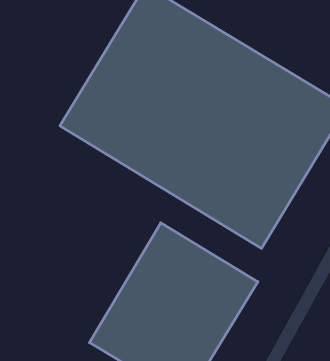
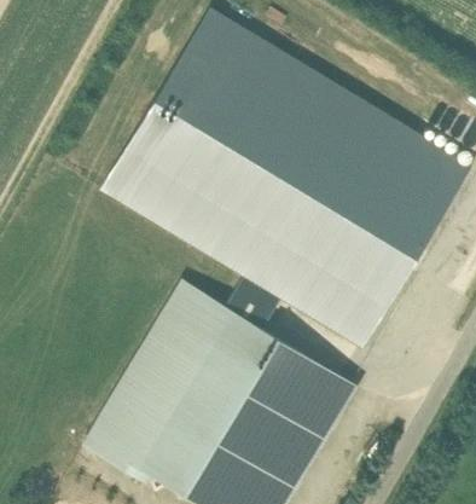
building: none -> [83,282,232,481]

